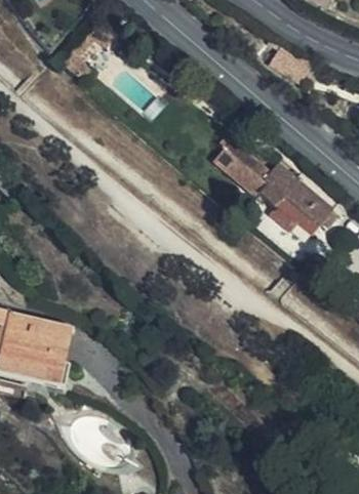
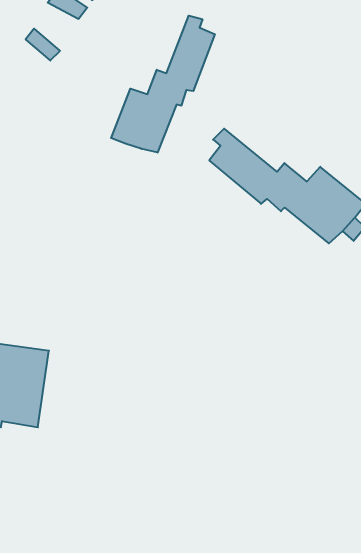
building: none -> [111,16,215,153]

